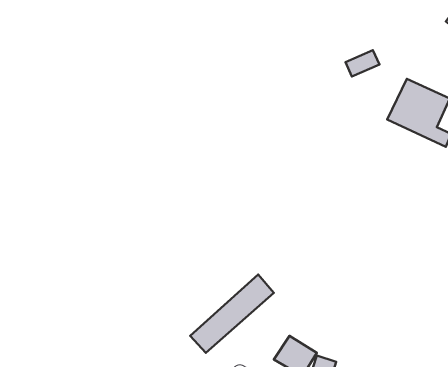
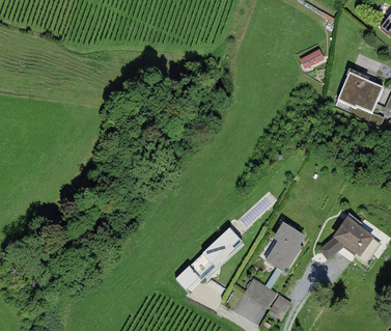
building: none -> [320,213,376,261]
building: none -> [266,223,307,271]

